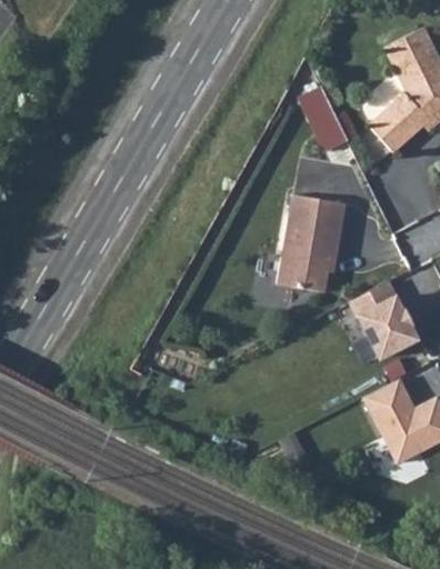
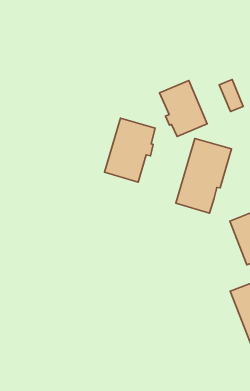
building: none -> [160,80,207,137]
building: none -> [105,118,155,182]

